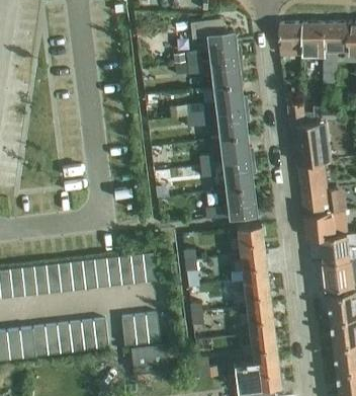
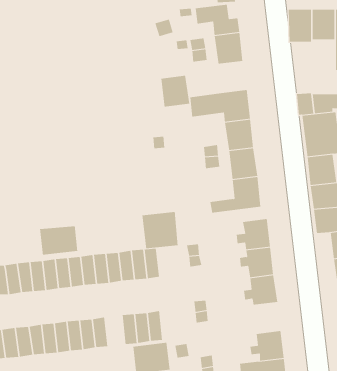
building: [212,73,241,103] -> [161,75,190,107]
building: none -> [142,211,178,249]
building: none -> [40,225,78,256]
building: [239,304,273,334] -> none

